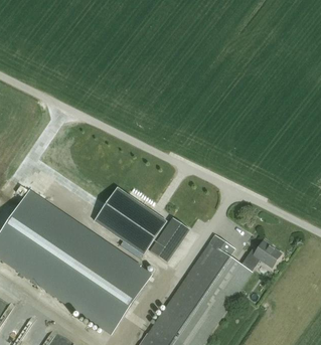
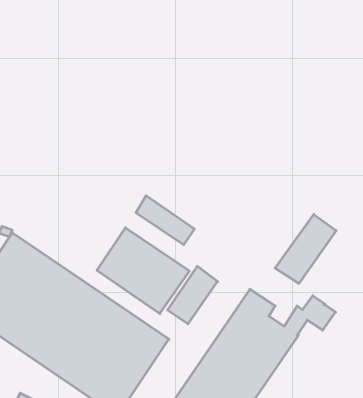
building: none -> [136,196,194,245]
building: none -> [275,214,336,283]

